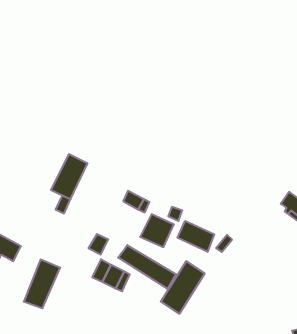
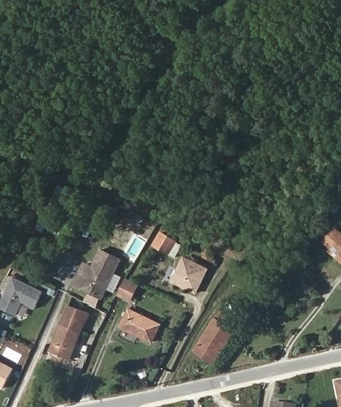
building: [51,154,88,199] -> [80,250,120,298]
building: [178,221,214,252] -> none
building: [118,245,176,289] -> none

